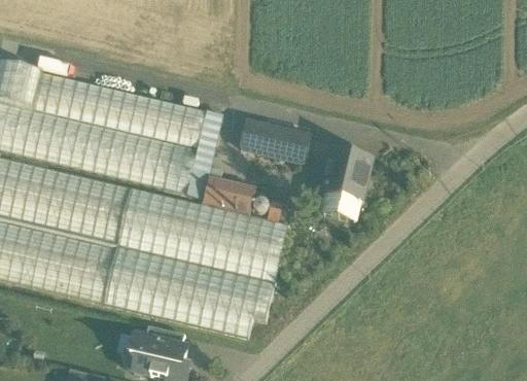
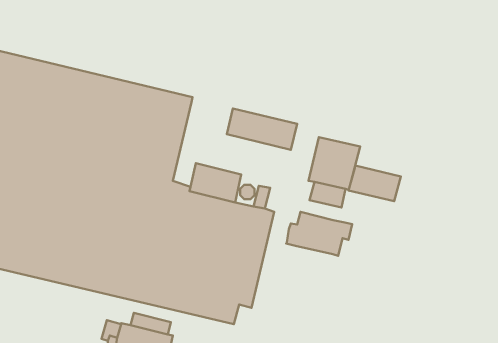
building: [186,114,221,199] -> none
building: none -> [349,166,401,201]
building: none -> [286,212,352,256]

